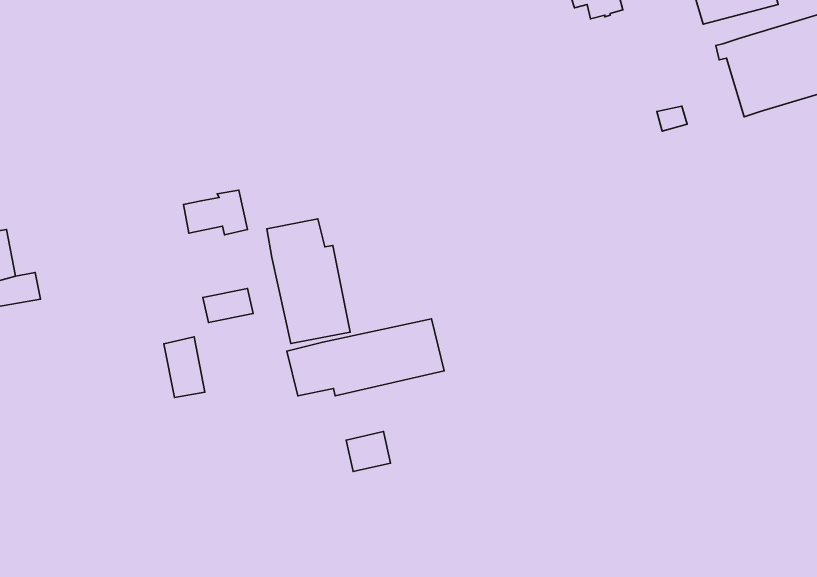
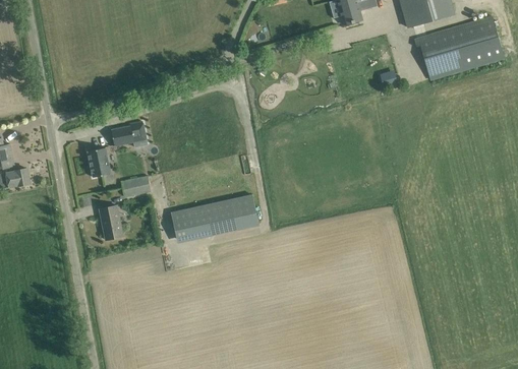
building: [267,219,350,344] -> none
building: none -> [88,146,111,176]
building: [346,432,390,472] -> none

